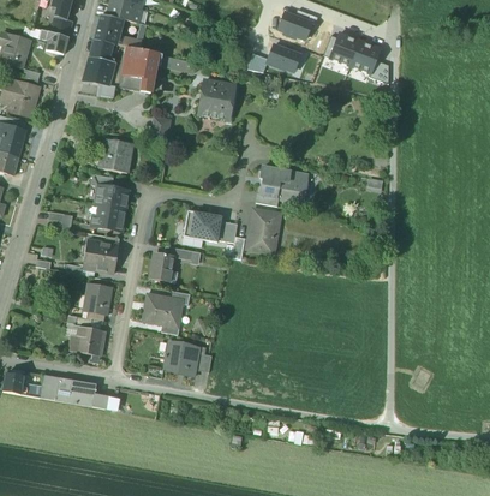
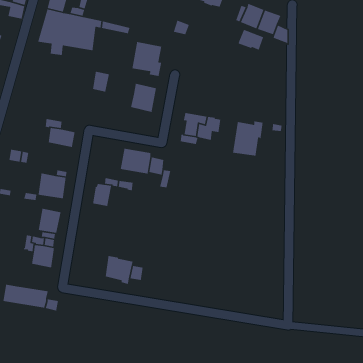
building: [267,44,299,71] -> [237,29,264,51]
building: none -> [130,83,157,113]
building: [101,138,132,172] -> none
building: none -> [232,121,264,157]
building: [90,203,125,231] -> none
building: [247,209,280,252] -> none
building: [142,293,179,325] -> none

